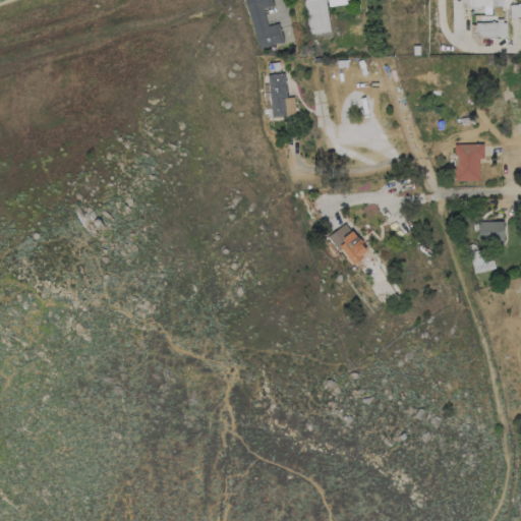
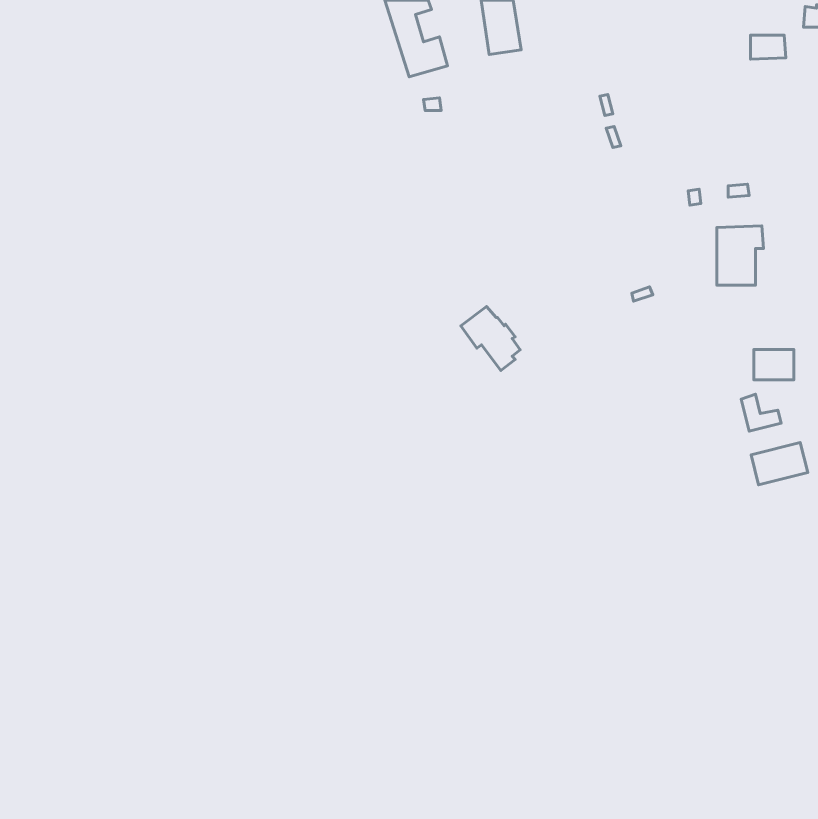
building: [269,73,288,117] -> none
building: [330,224,367,265] -> [461,306,520,371]
building: none -> [751,443,808,485]

